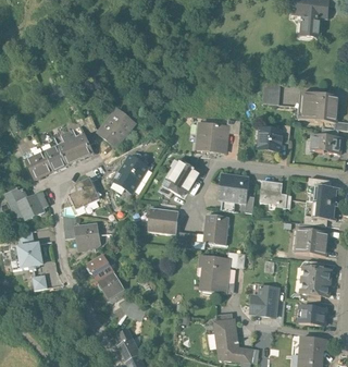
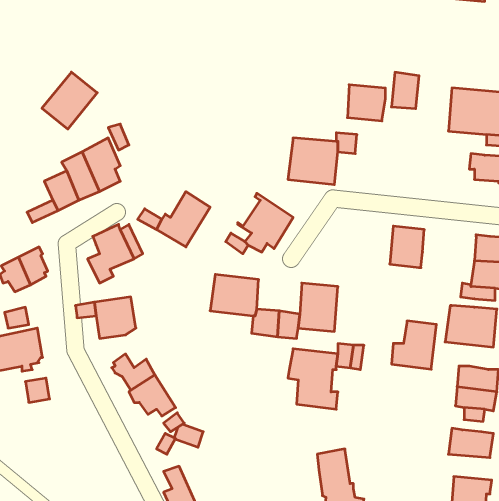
building: [99,109,134,145] -> [42,72,97,129]
building: [259,129,283,151] -> [347,85,385,121]
building: [220,175,249,203] -> none
building: [250,286,278,317] -> [392,321,436,369]

